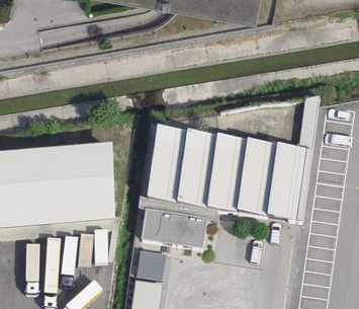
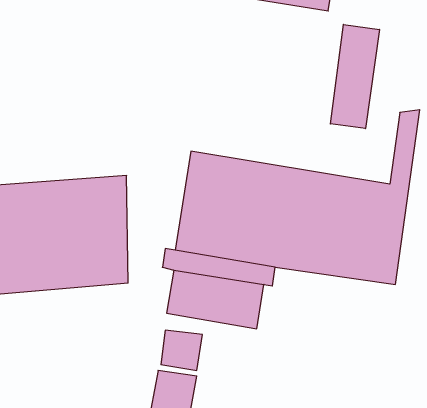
building: none -> [330,24,379,129]

